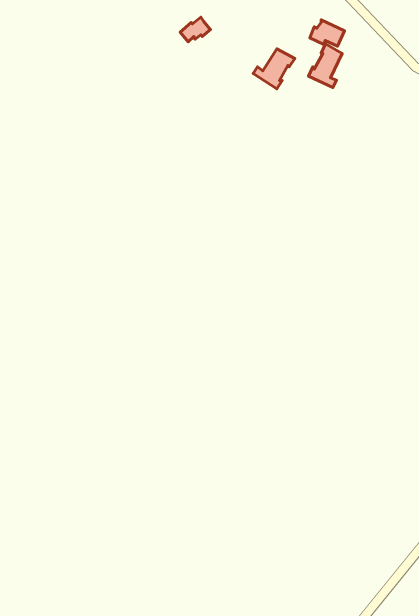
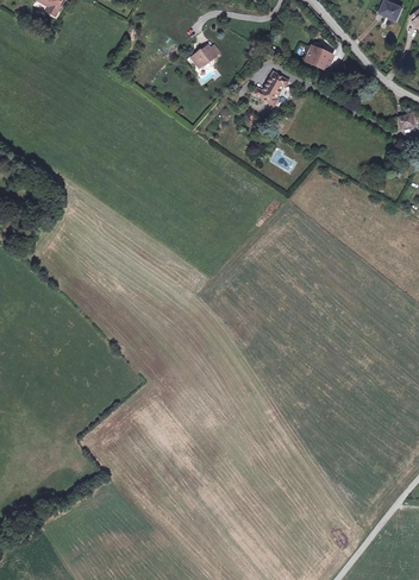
building: [309,44,342,88] -> none

